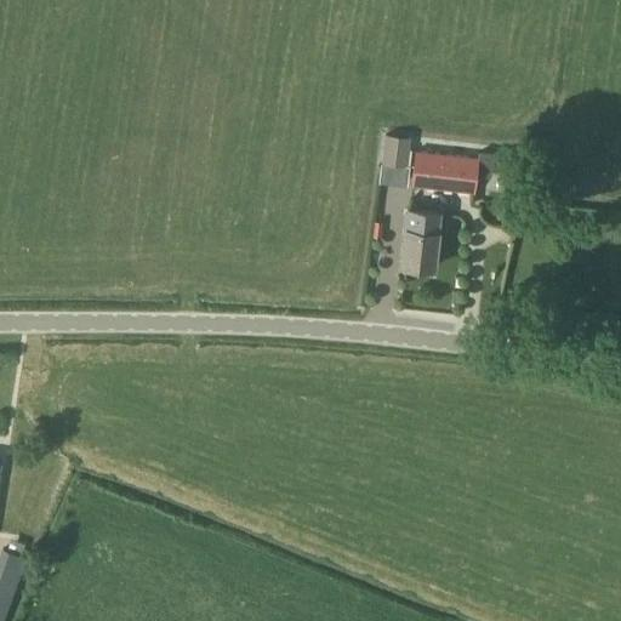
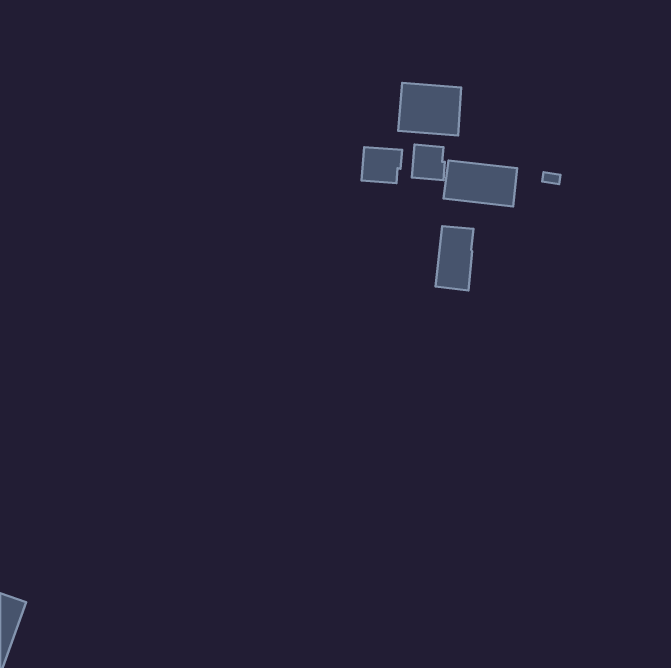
building: none -> [398,83,461,136]
building: none -> [362,147,402,183]

